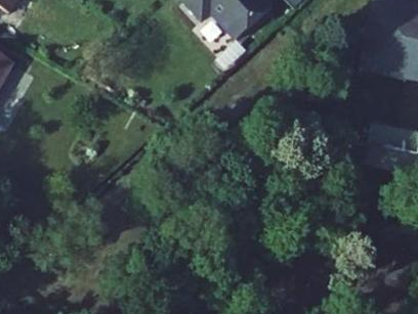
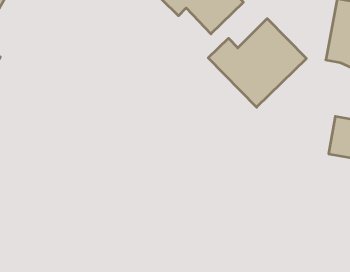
building: none -> [208,19,306,107]

